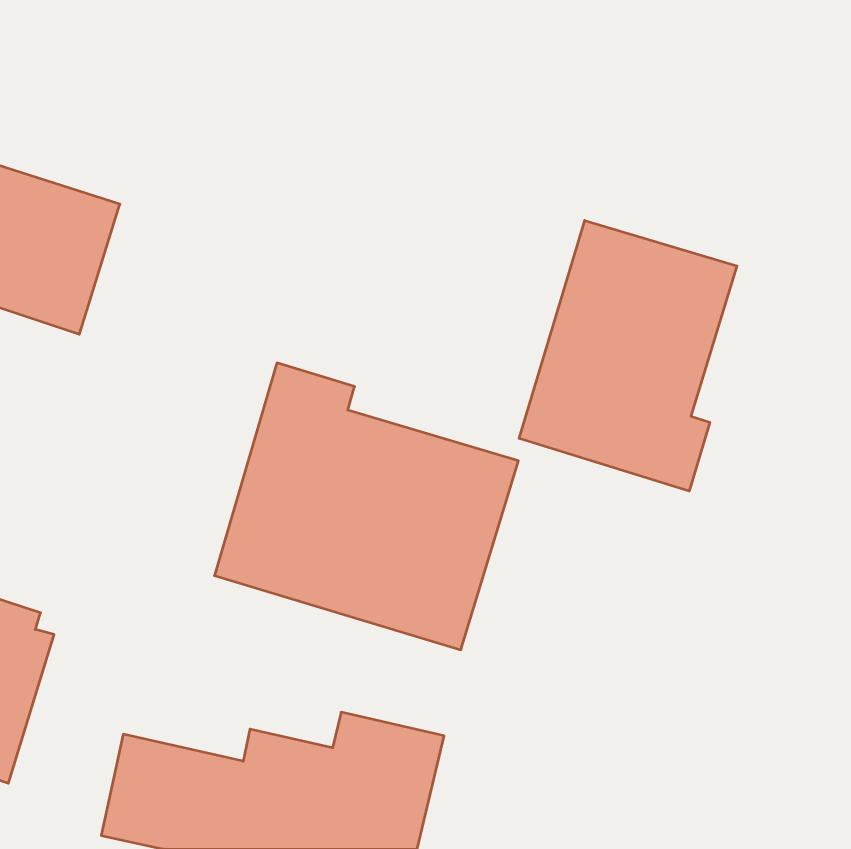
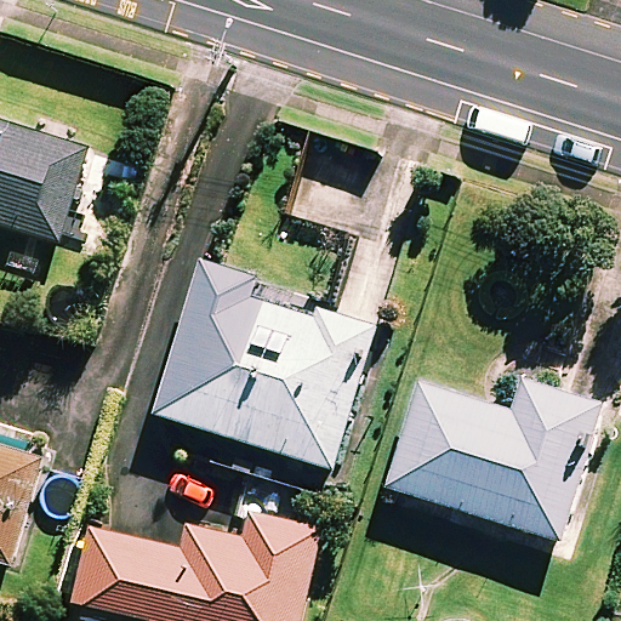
building: [519,220,737,491] -> none
building: none -> [384,380,602,541]

